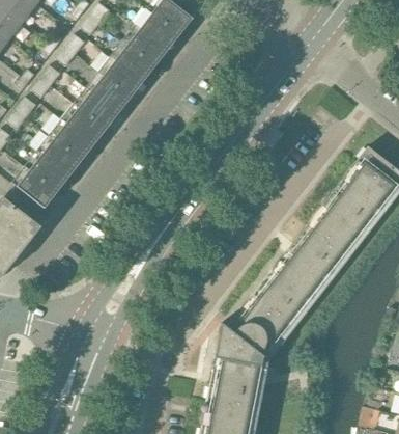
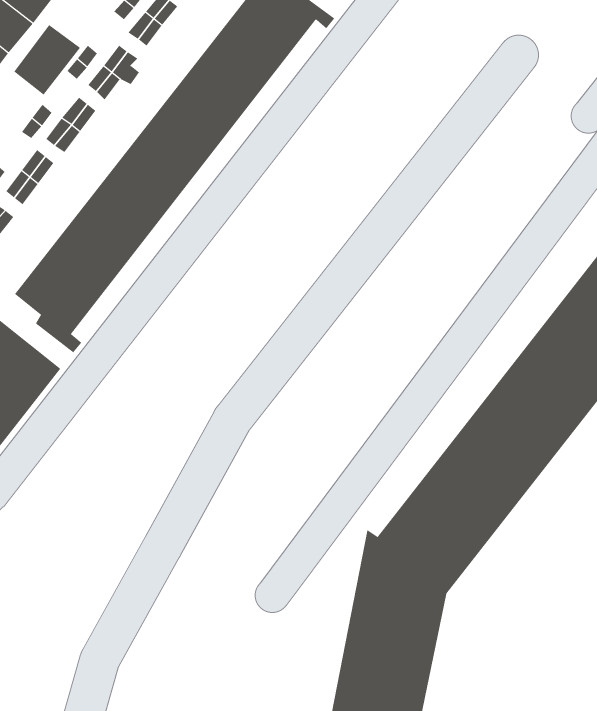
building: none -> [14,24,81,95]

